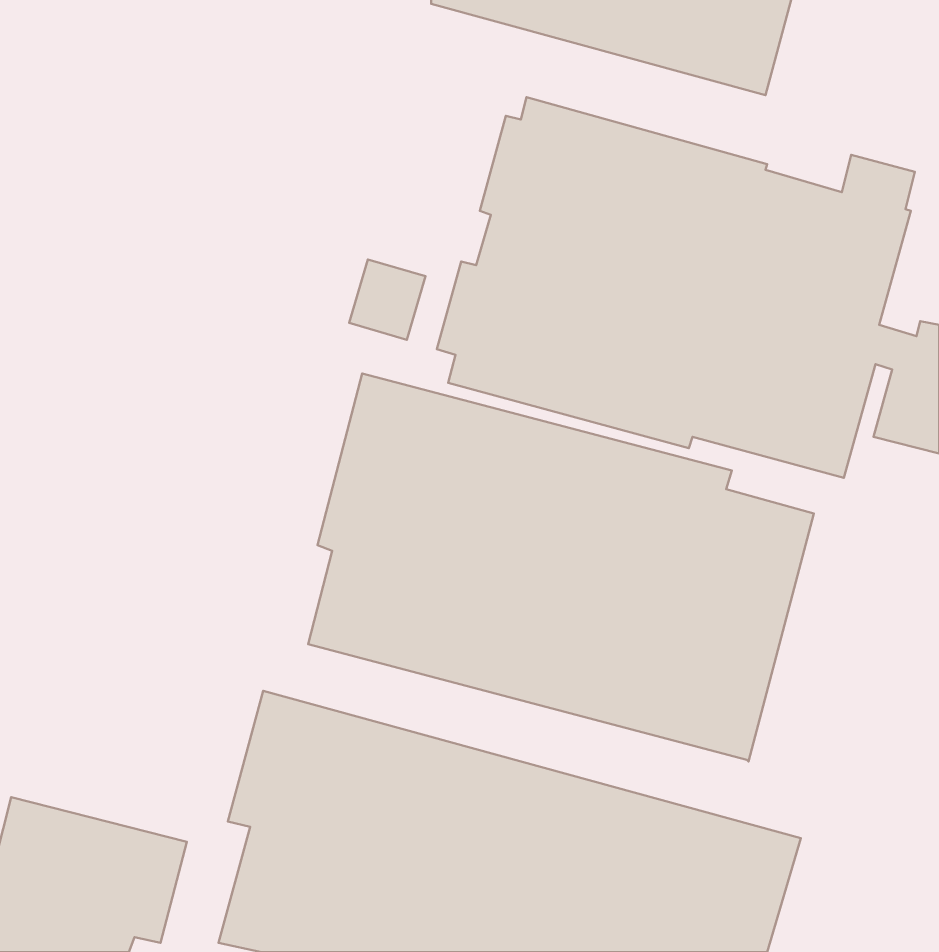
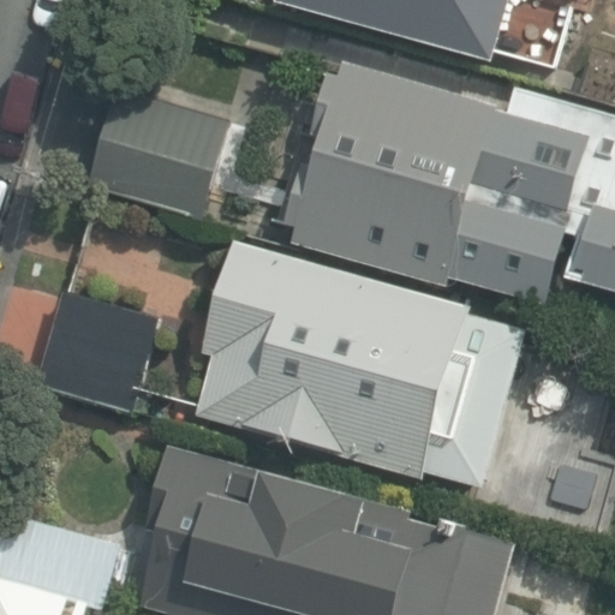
building: none -> [84,88,228,221]
building: none -> [37,289,159,411]

